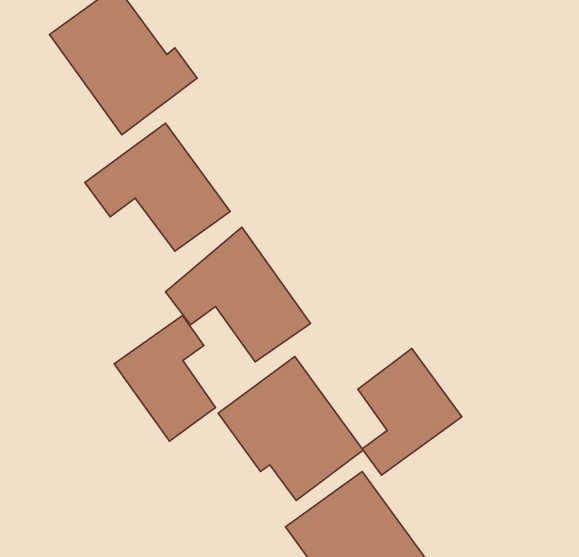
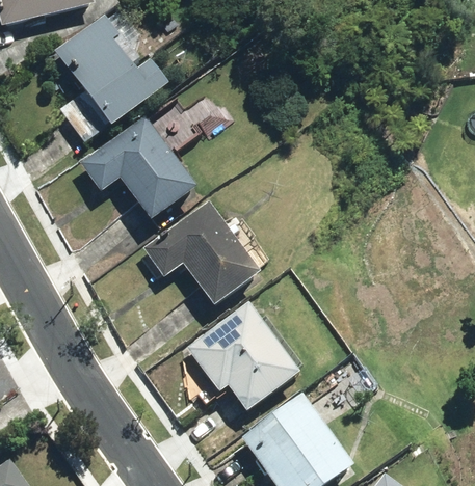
building: [114,315,215,441] -> none
building: [358,349,462,475] -> none

